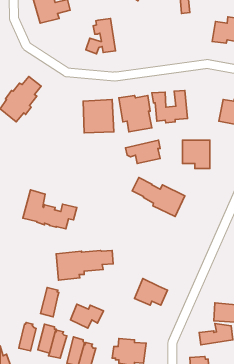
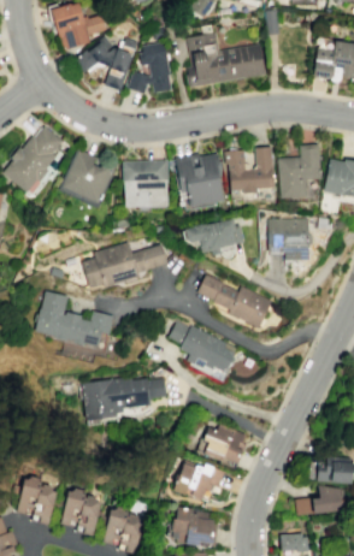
building: none -> [188,31,267,87]
building: none -> [76,35,140,91]
building: none -> [278,144,321,199]
building: none -> [59,149,119,208]
building: none -> [81,242,167,288]
building: none -> [170,320,237,373]
building: [41,288,59,317] -> [14,474,41,516]
building: [70,304,103,328] -> [178,460,226,495]

